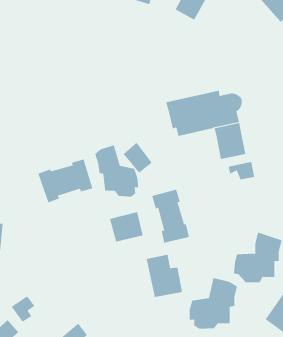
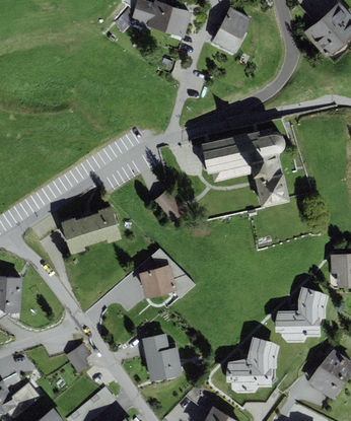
building: [94,144,139,197] -> none
building: [228,161,255,180] -> none
building: [152,189,189,244] -> none
building: [146,254,183,298] -> [142,333,183,380]
building: [11,296,35,322] -> [66,342,92,371]

